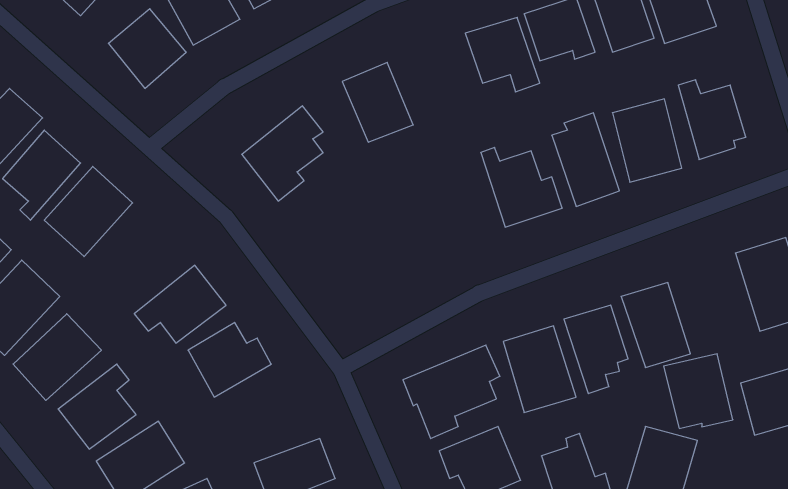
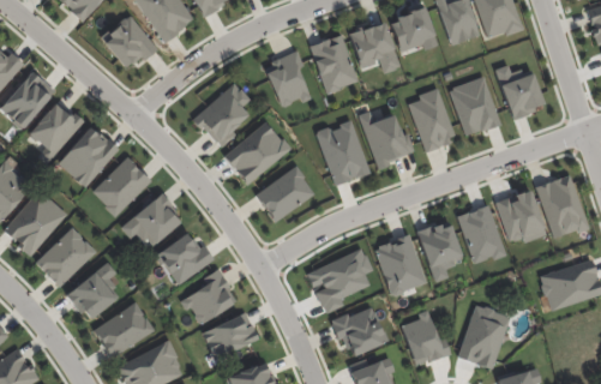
building: none -> [309,35,356,92]
building: none -> [223,121,290,185]
building: none -> [315,121,368,185]
building: none -> [91,156,151,216]
building: none -> [254,166,314,222]
building: [664,354,733,428] -> [495,191,543,242]
building: none -> [179,269,238,324]

